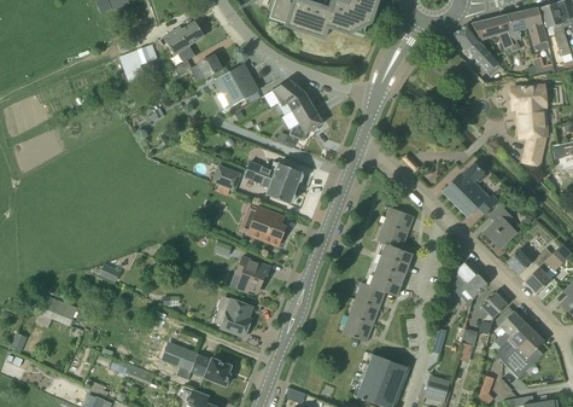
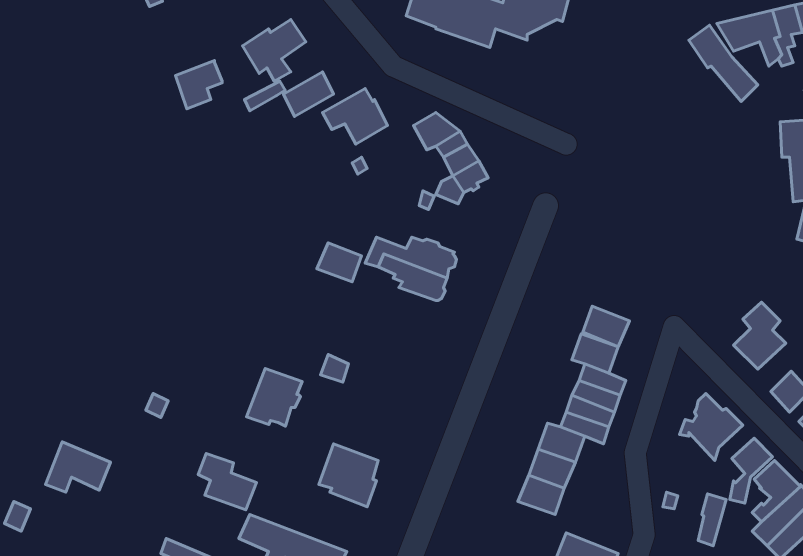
building: [443,161,499,216] -> none
building: [247,205,286,245] -> none
building: [232,257,268,295] -> [246,369,302,426]
building: none -> [198,454,256,510]

